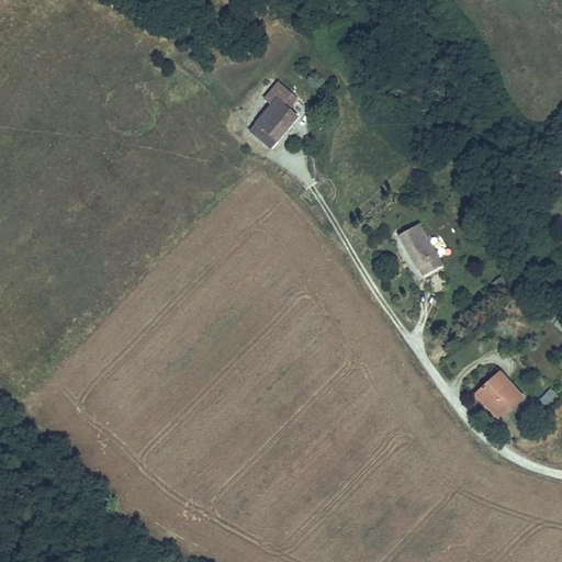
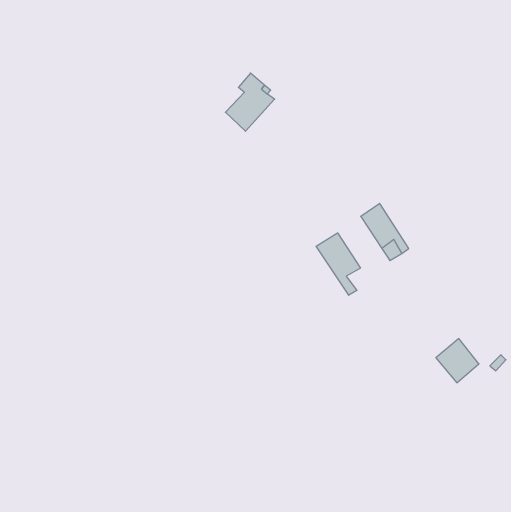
building: none -> [316,233,360,295]

